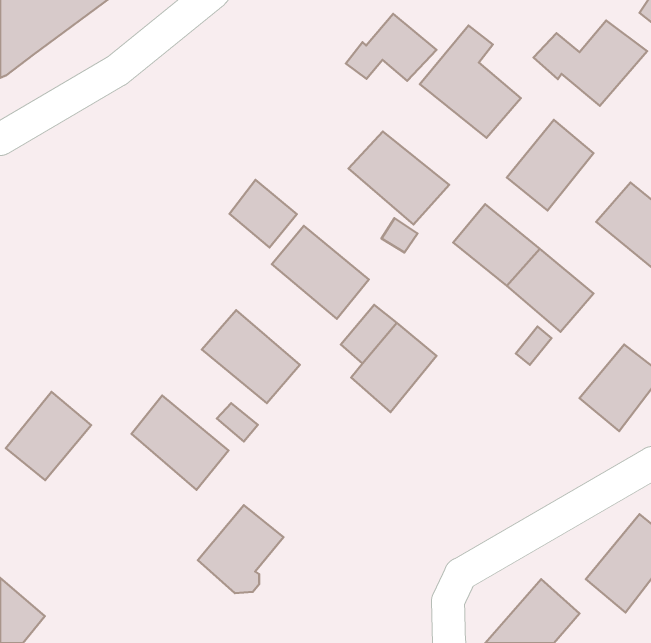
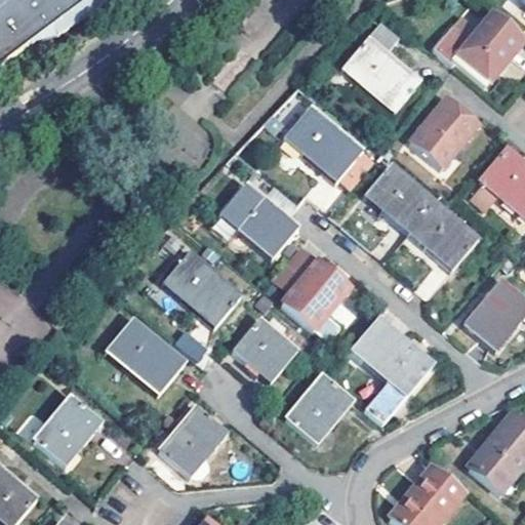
building: [346,14,436,81] -> none
building: [229,180,297,248] -> none
building: [6,392,91,480] -> [33,393,102,463]
building: none -> [352,317,434,423]
building: none -> [233,320,296,380]
building: none -> [286,372,356,444]

